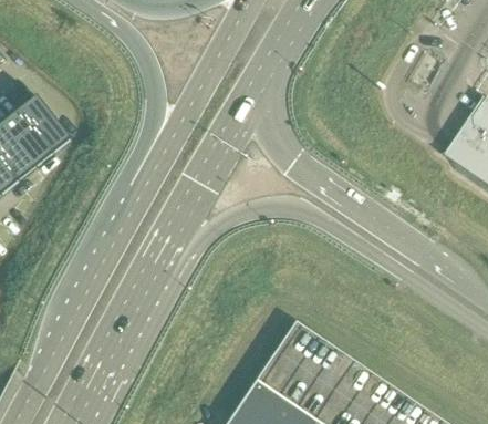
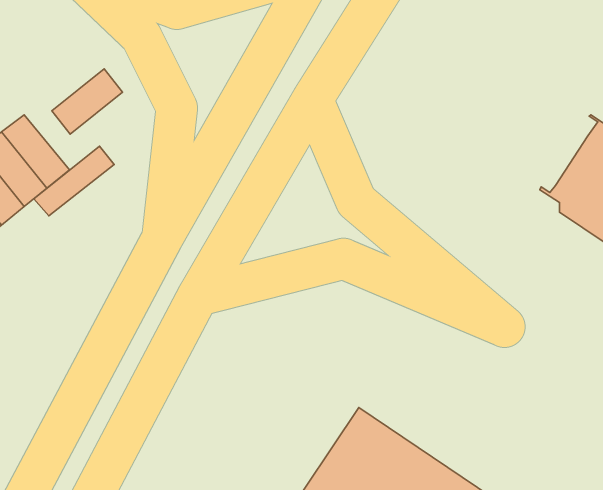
building: none -> [52,69,123,134]
building: none -> [34,146,114,216]

